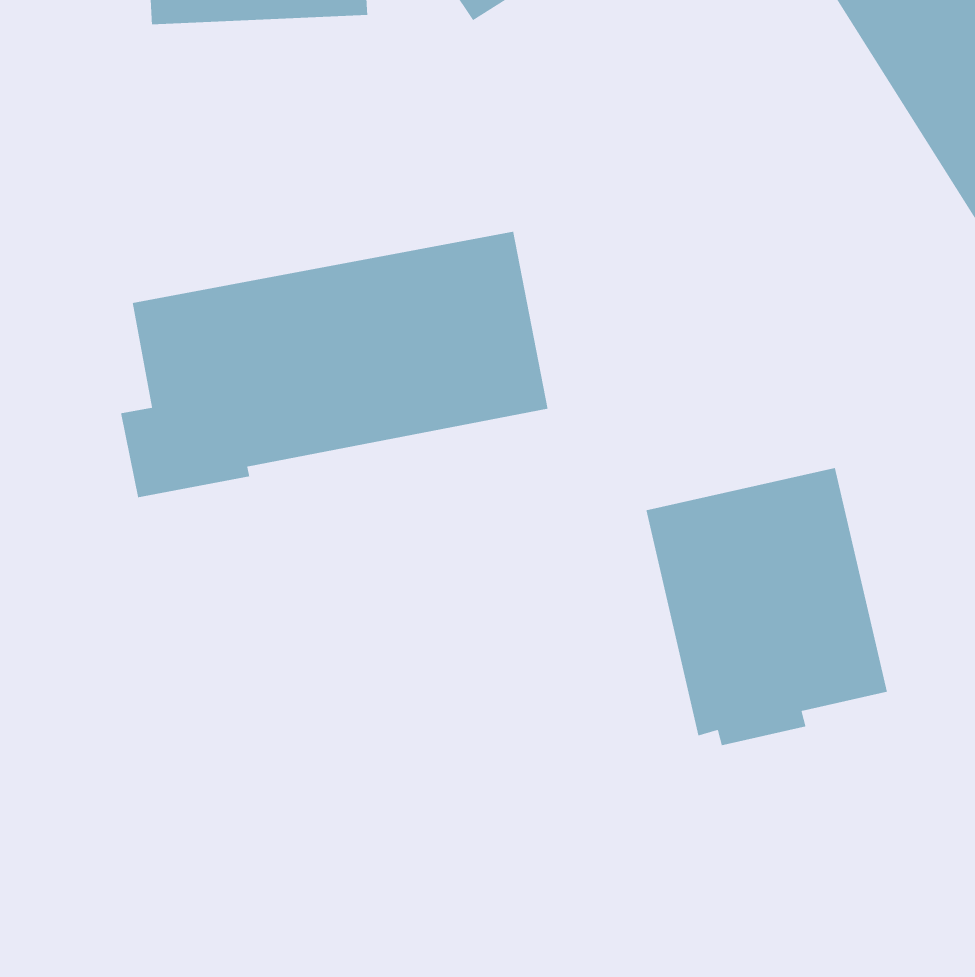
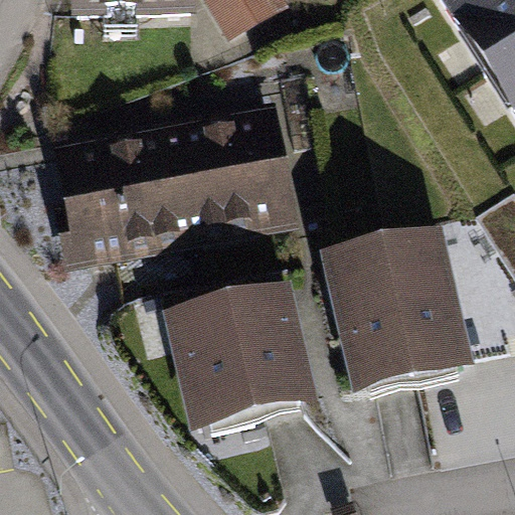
building: none -> [187,297,312,419]

